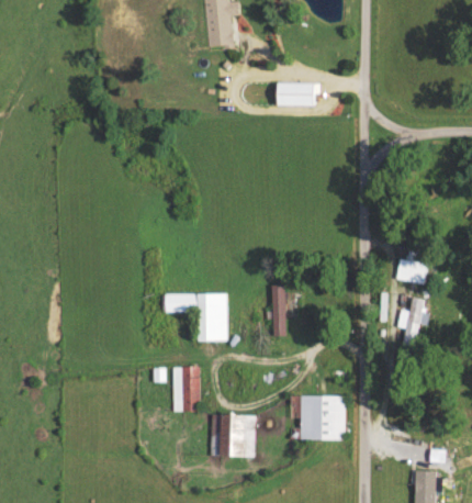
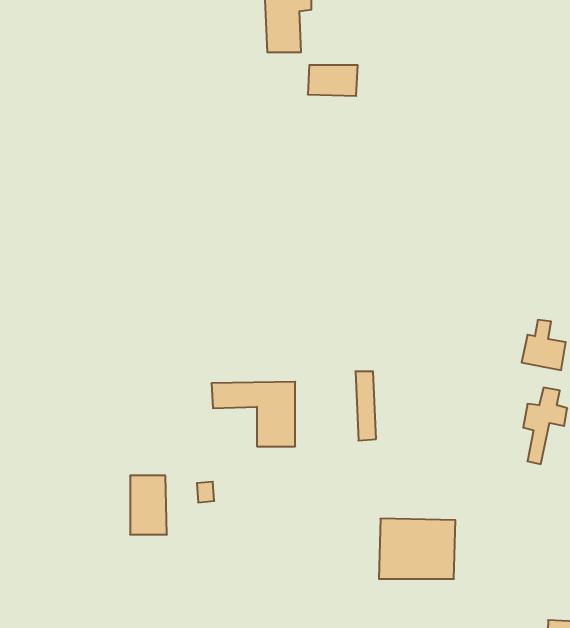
building: [279,82,316,105] -> [308,65,358,96]
building: [172,367,200,411] -> [130,476,167,535]
building: [211,413,256,456] -> none

